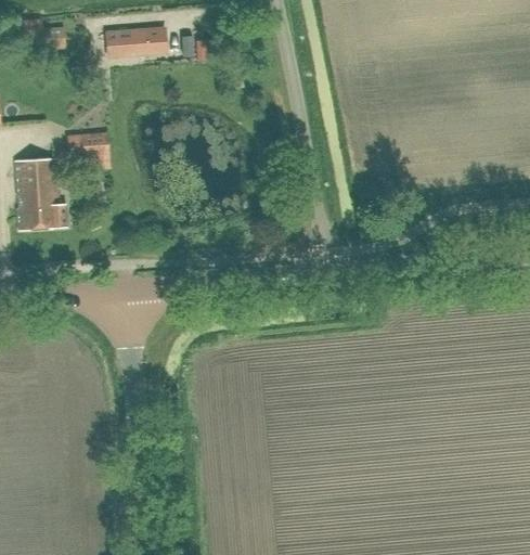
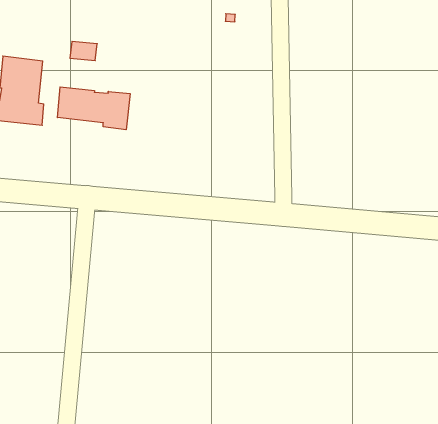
building: none -> [57,87,130,130]

